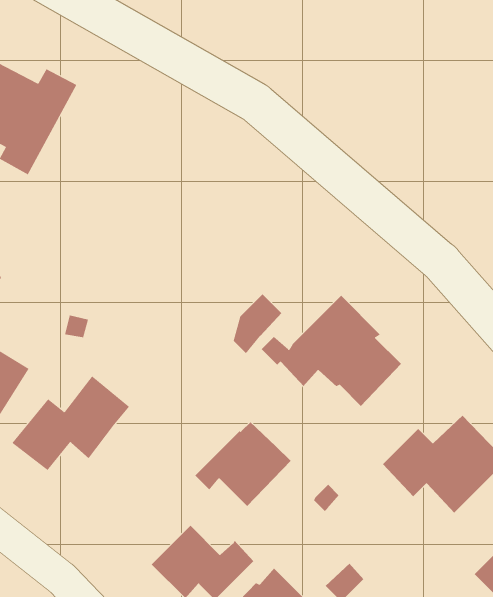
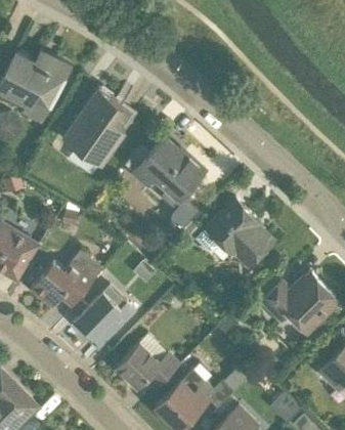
building: none -> [63,87,138,165]
building: none -> [125,140,203,201]
building: [195,421,291,507] -> [75,287,135,340]

